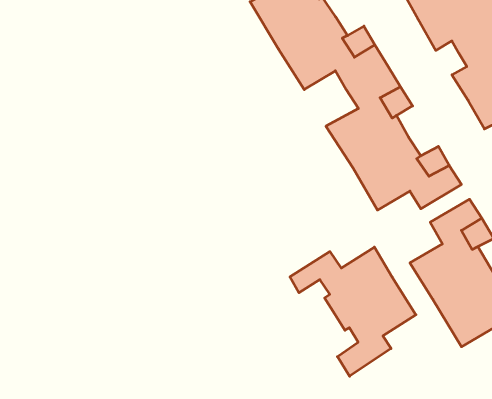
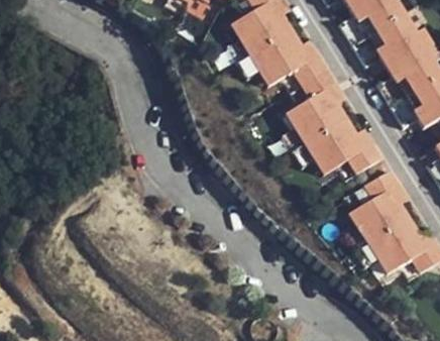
building: [290,247,416,376] -> none

